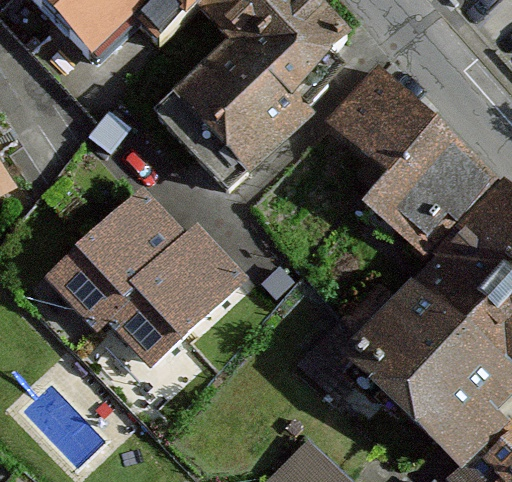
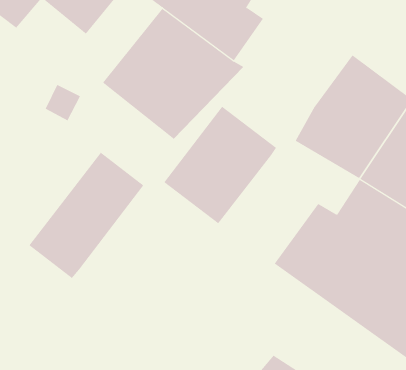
building: [329,67,440,170] -> none
building: none -> [164,106,277,224]
building: [104,224,246,367] -> none

